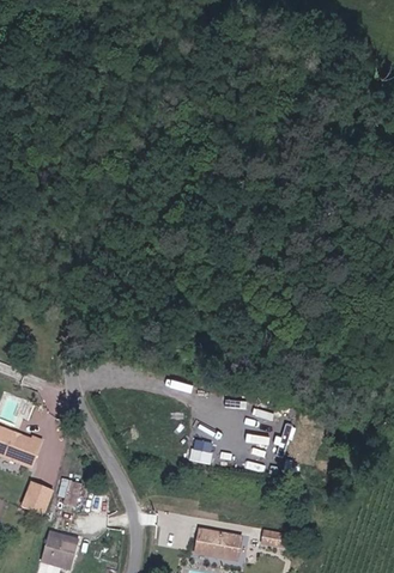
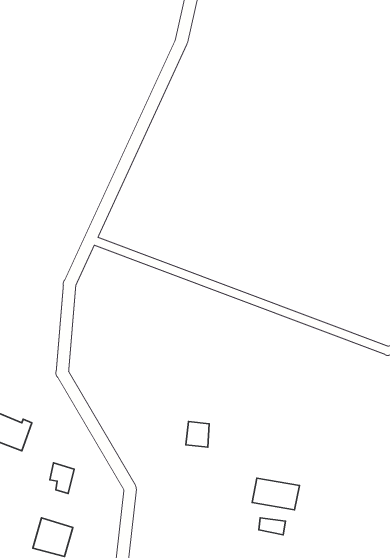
building: [22,482,54,517] -> none
building: [195,529,242,560] -> [252,478,299,510]

